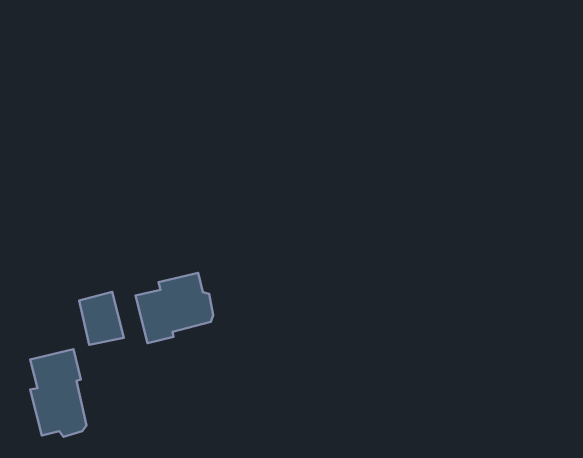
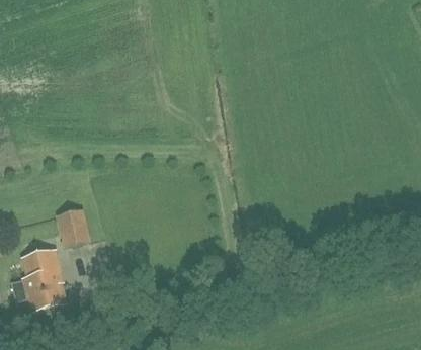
building: [136,273,213,343] -> none

